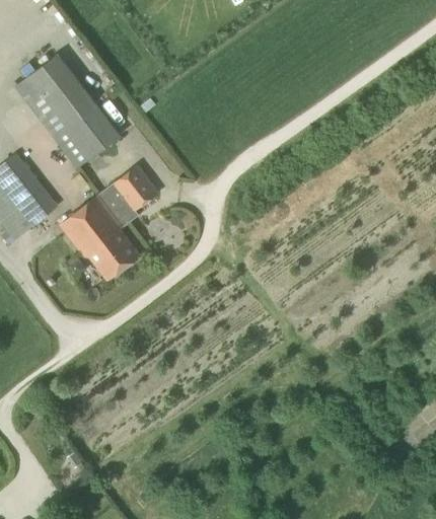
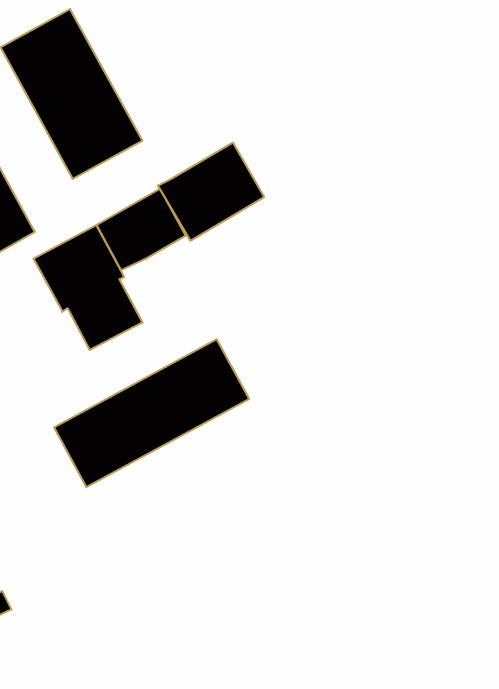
building: none -> [158,143,264,241]
building: none -> [54,339,249,487]

